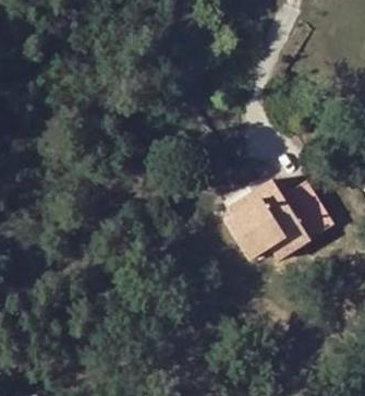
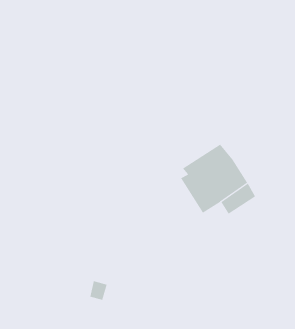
building: [284,182,332,239] -> none

